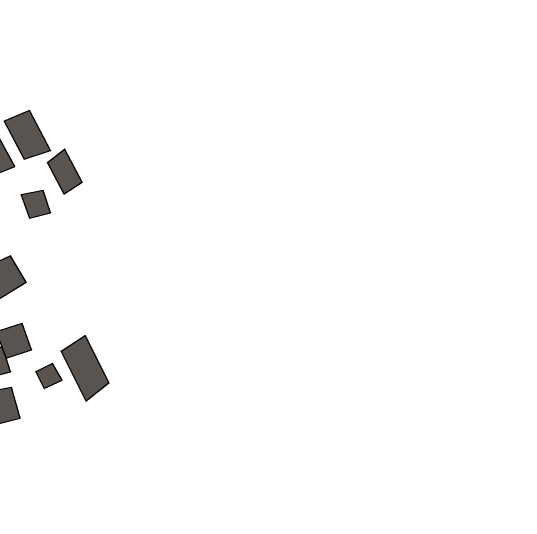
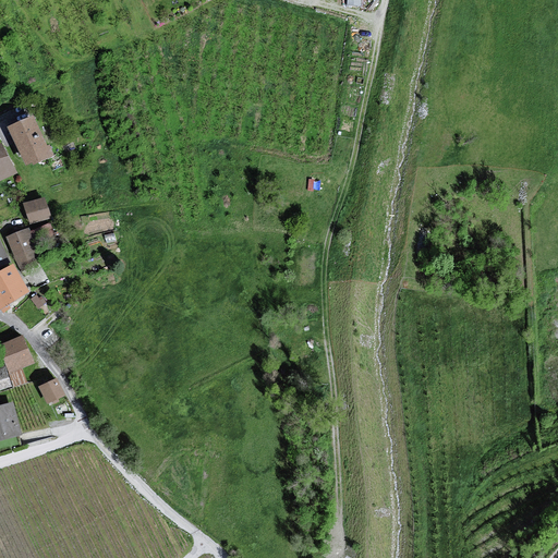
building: [47,149,82,194] -> none
building: none -> [5,229,38,267]
building: [61,336,109,401] -> none

